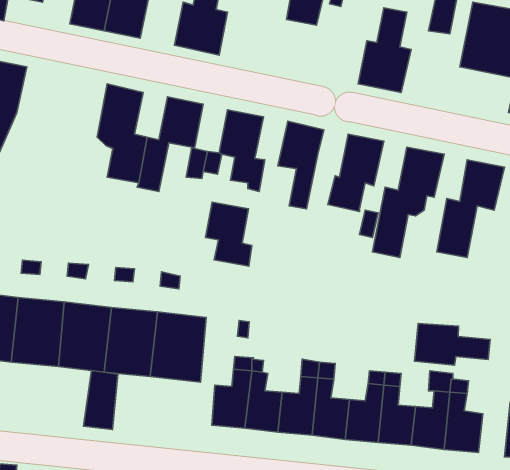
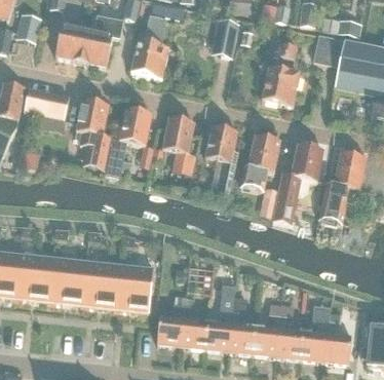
building: none -> [24,87,69,119]
building: [205,202,252,266] -> none
building: [414,323,490,365] -> none
building: [83,371,118,429] -> none

